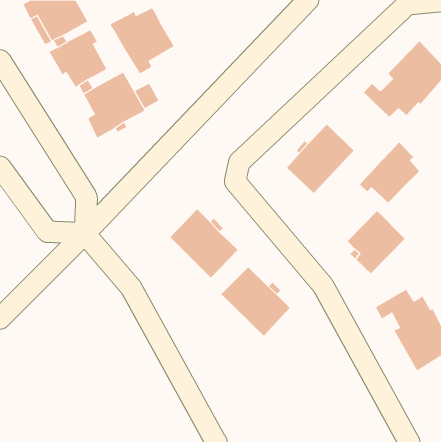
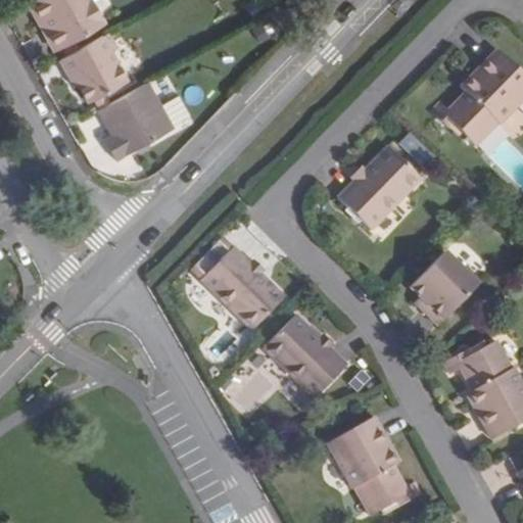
building: [109,8,175,74] -> none
building: [359,141,420,204] -> none
building: none -> [328,416,422,512]

